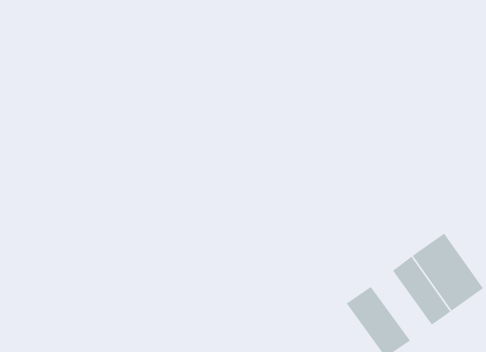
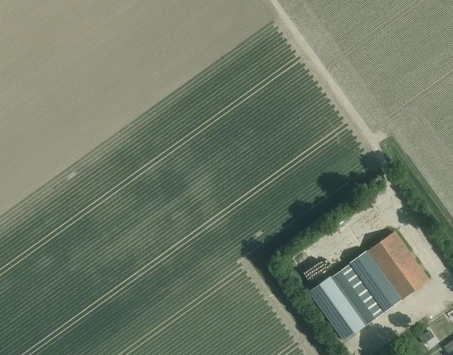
building: none -> [331,264,383,324]

